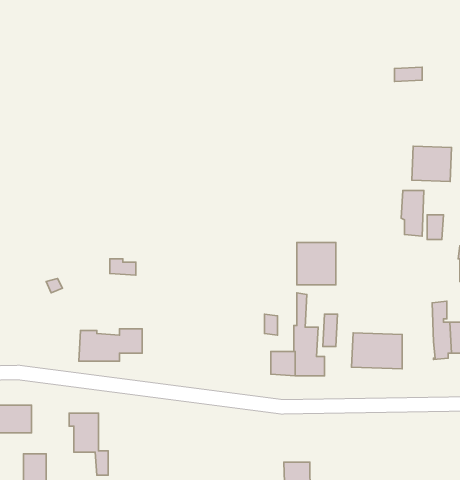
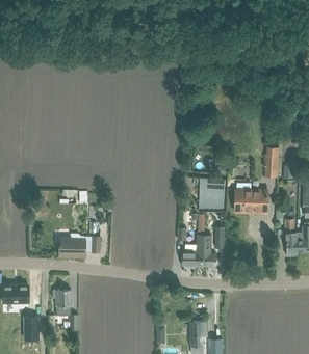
building: [412,146,451,182] -> none
building: [352,333,402,369] -> [234,189,266,212]

